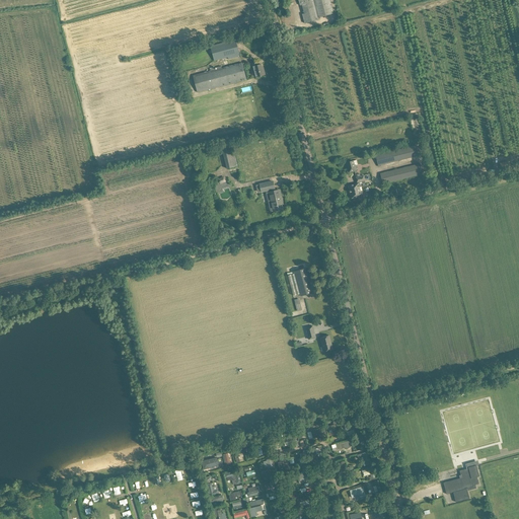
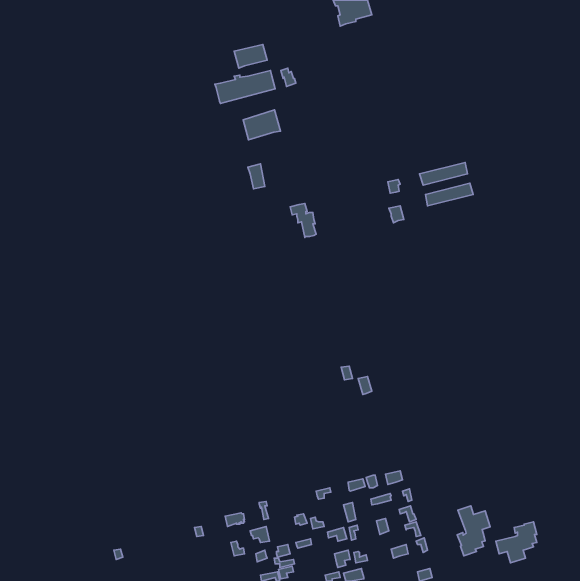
building: none -> [243,110,281,140]
building: [287,268,311,296] -> none
building: none -> [457,506,490,556]

